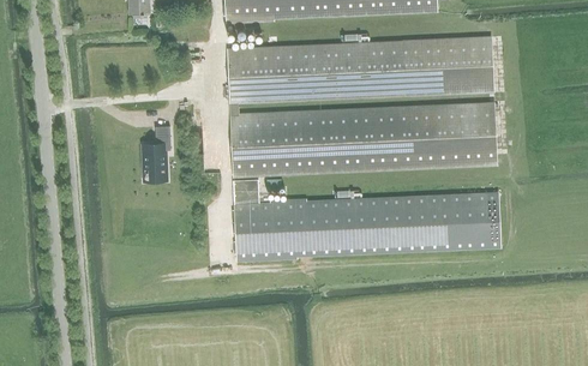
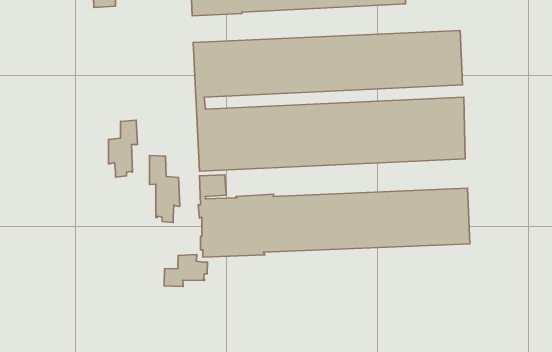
building: none -> [149,155,180,223]
building: none -> [164,255,208,287]

